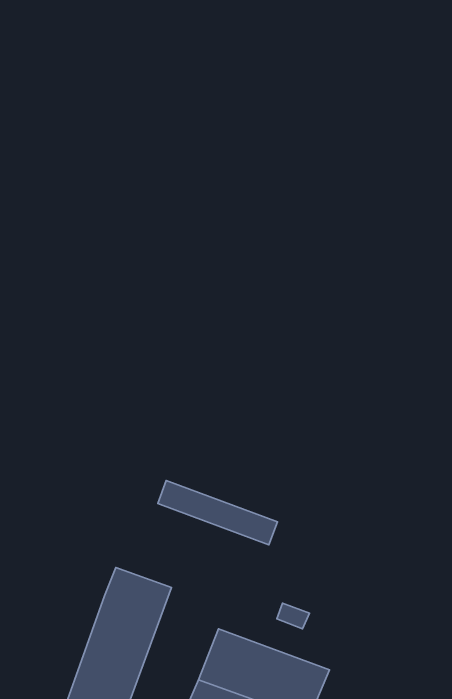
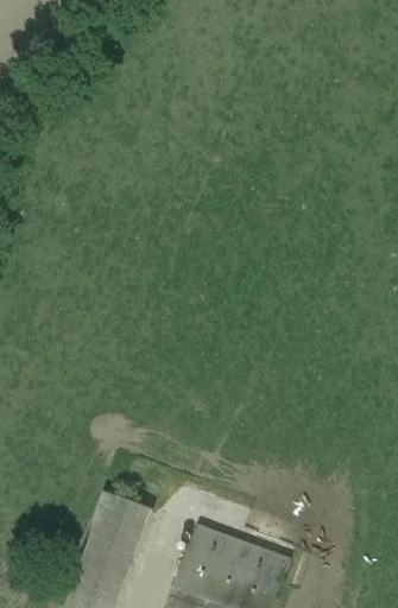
building: [158,481,277,545] -> [189,528,289,582]

